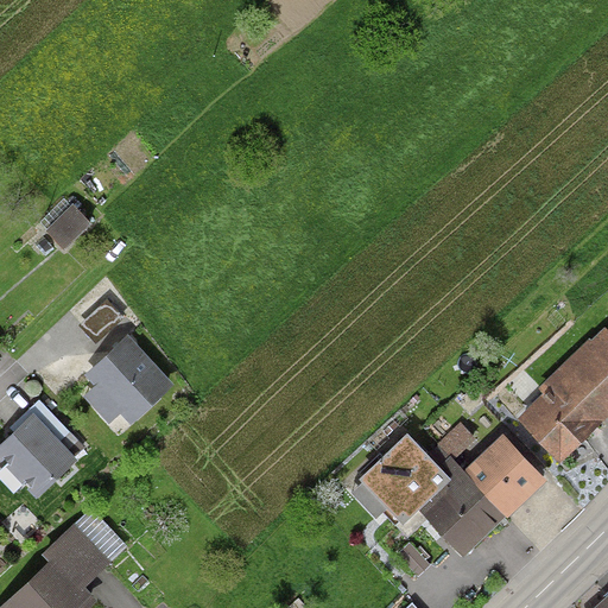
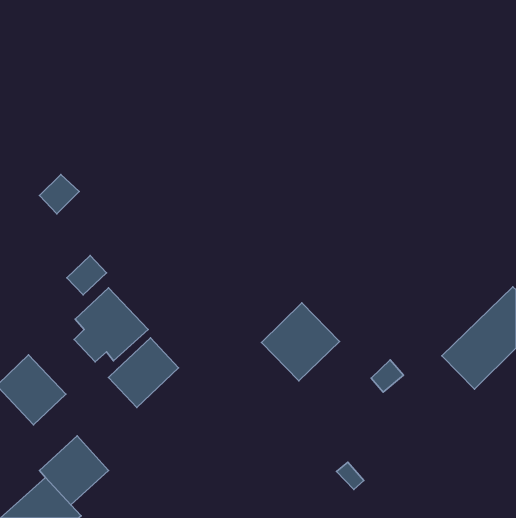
building: none -> [108,338,179,407]
building: [357,433,449,525] -> [261,303,339,381]
building: [423,442,534,550] -> none

